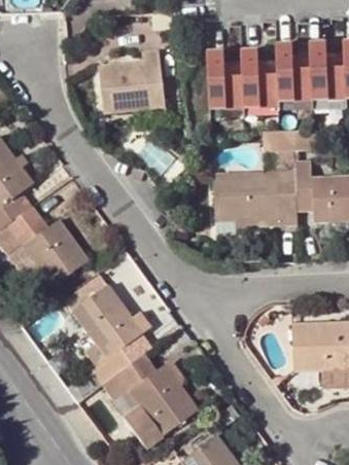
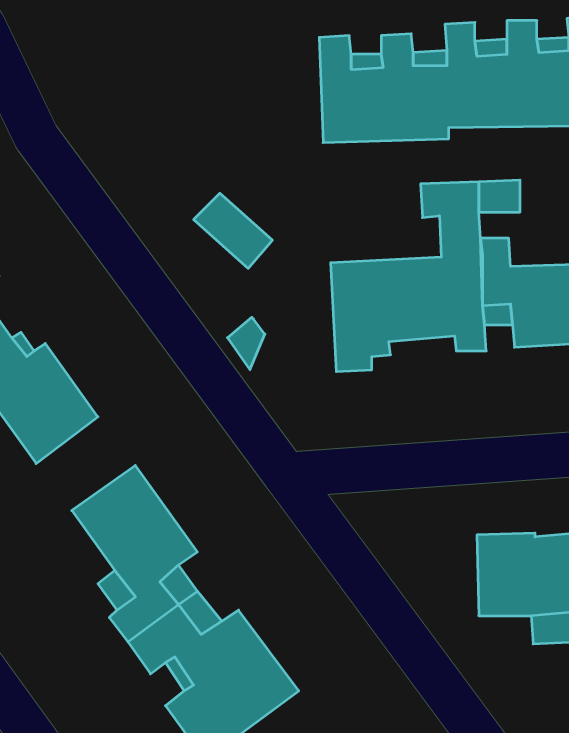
building: [101,49,164,110] -> none

